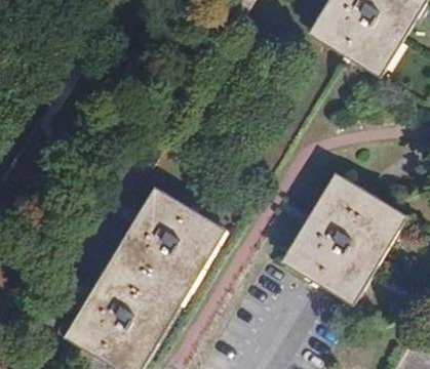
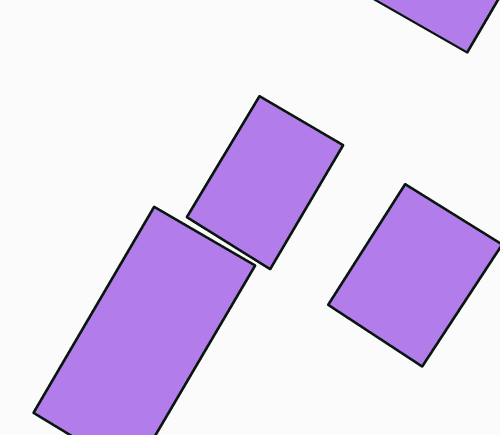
building: none -> [187,96,343,269]

